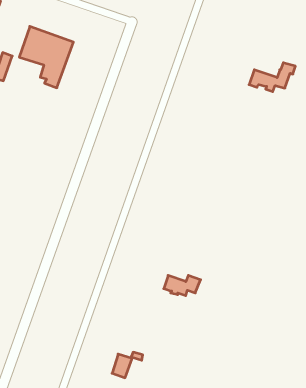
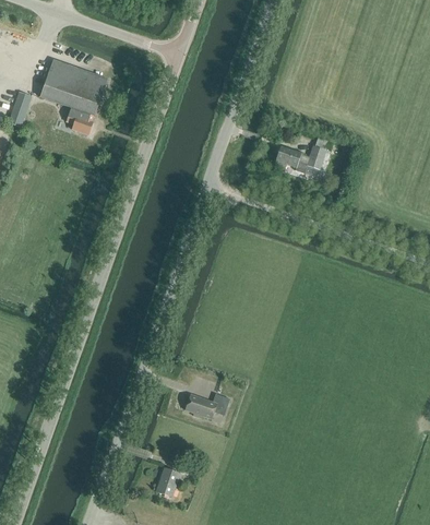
building: [249,63,295,92] -> [274,138,332,174]
building: [164,275,201,296] -> [183,393,229,418]

